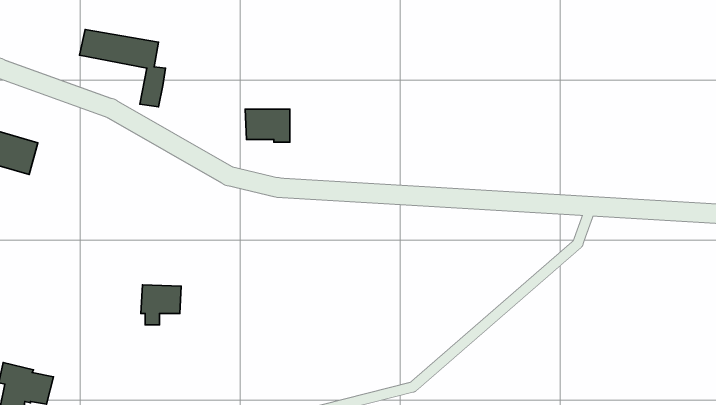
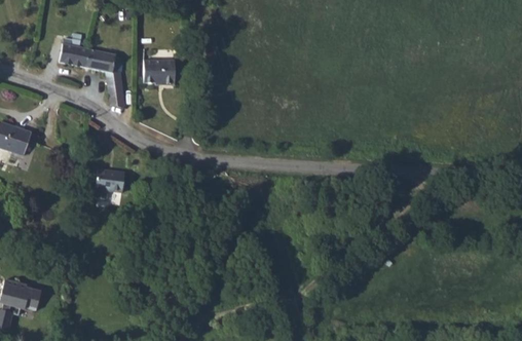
building: [245,109,290,142] -> [140,59,172,82]
building: [141,285,181,325] -> [97,177,125,205]

